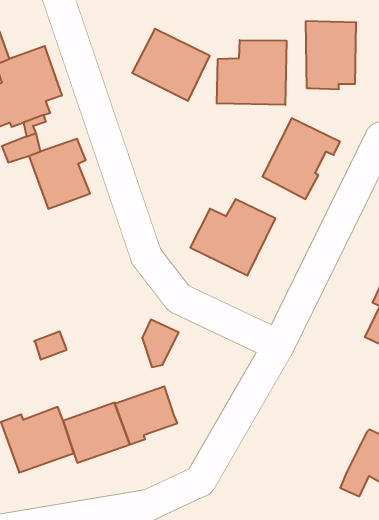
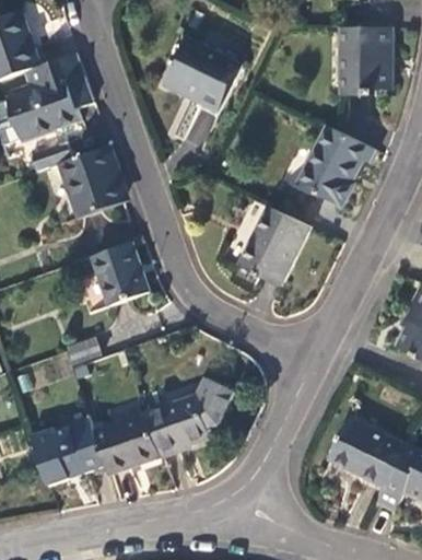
building: [217,40,286,105] -> none
building: none -> [93,243,148,305]
building: [142,320,179,367] -> [197,378,234,427]
building: none -> [329,417,402,485]

